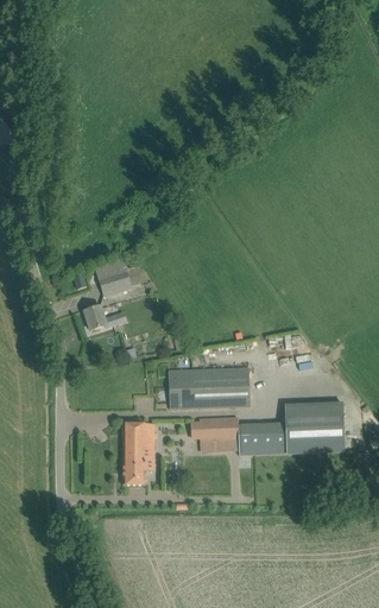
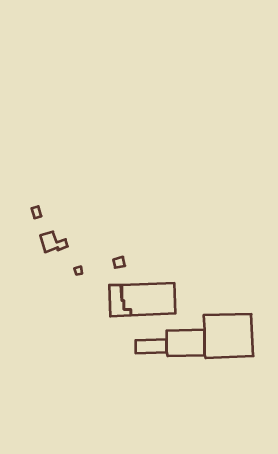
building: [94,254,144,294] -> none
building: [191,414,239,437] -> none
building: [122,423,154,483] -> none

